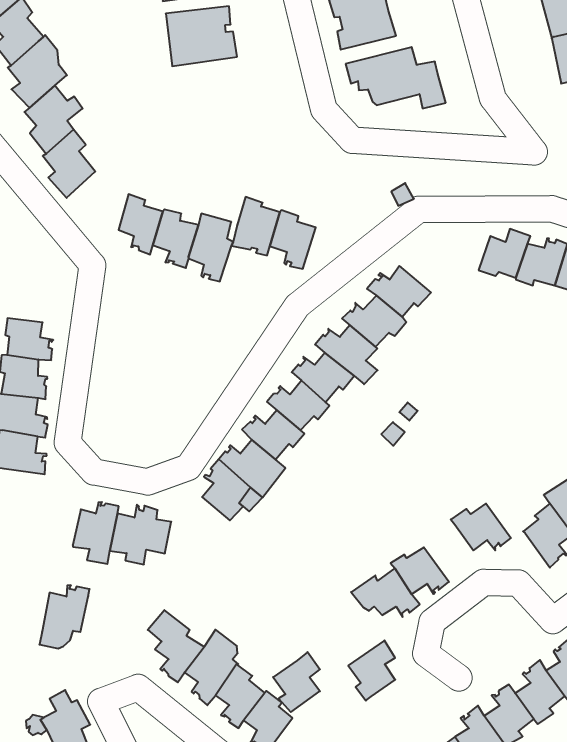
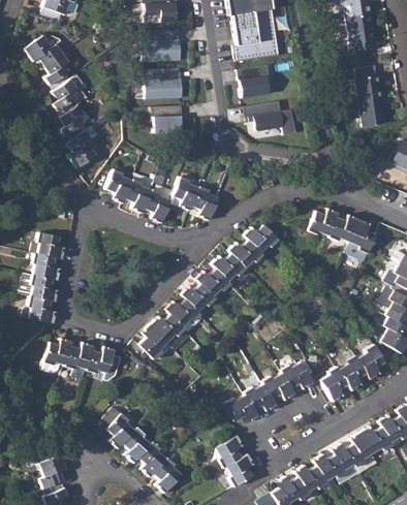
building: none -> [158,105,188,132]
building: none -> [262,372,294,399]
building: [39,585,90,648] -> [41,338,72,373]
building: [273,652,320,712] -> [226,452,253,485]

